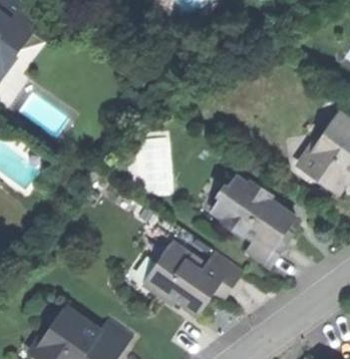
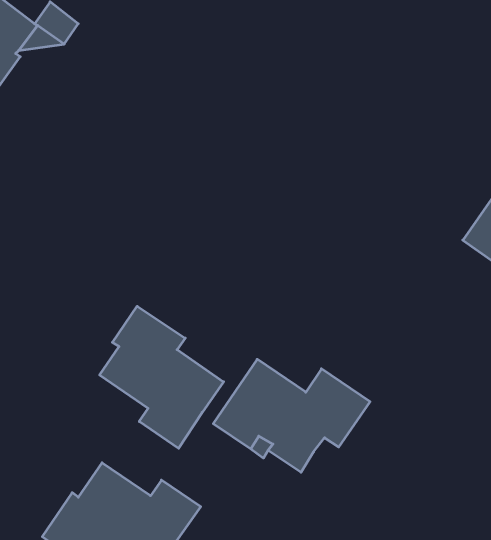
building: [211,177,293,268] -> none
building: none -> [100,306,224,448]

